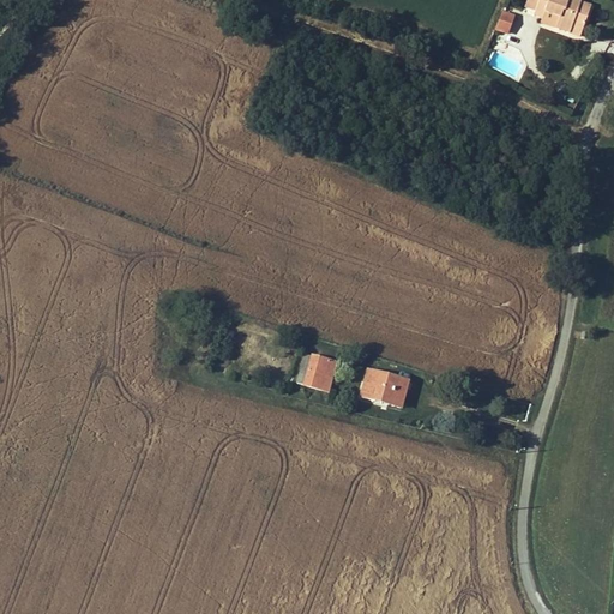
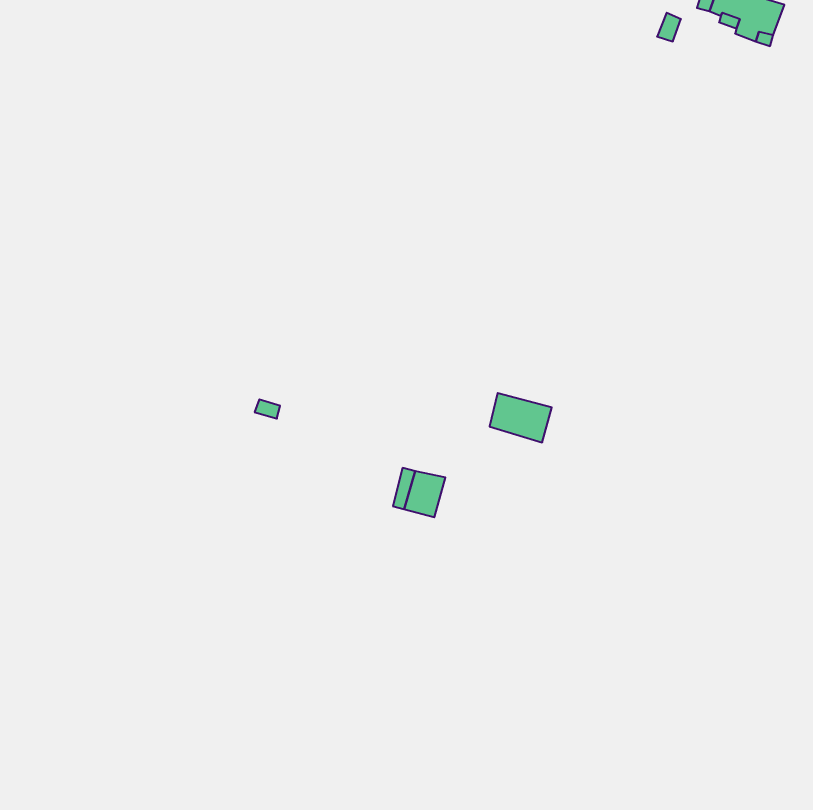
building: [361,369,408,407] -> [490,393,552,442]

